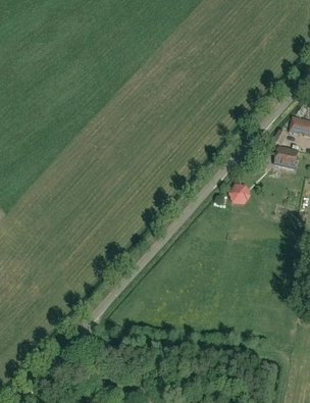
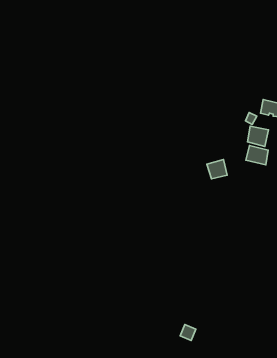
building: none -> [246,145,268,165]

